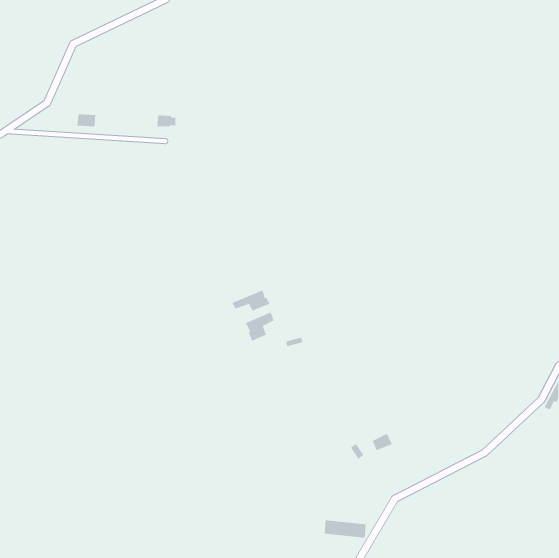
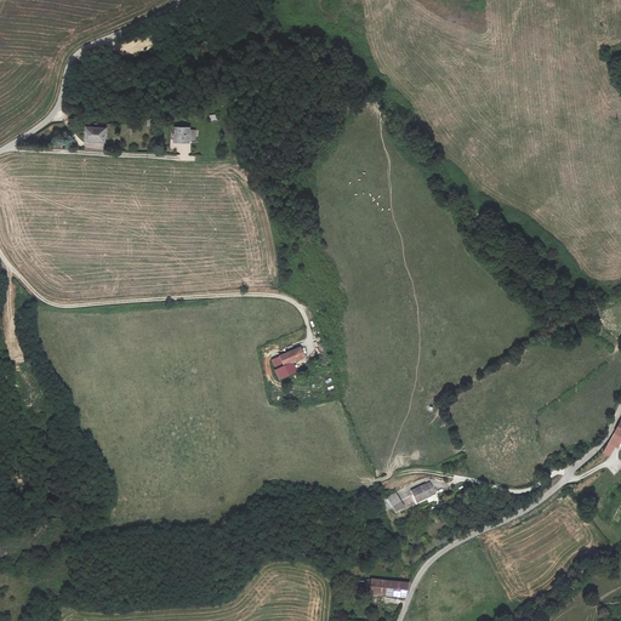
building: [232,290,270,312] -> none

